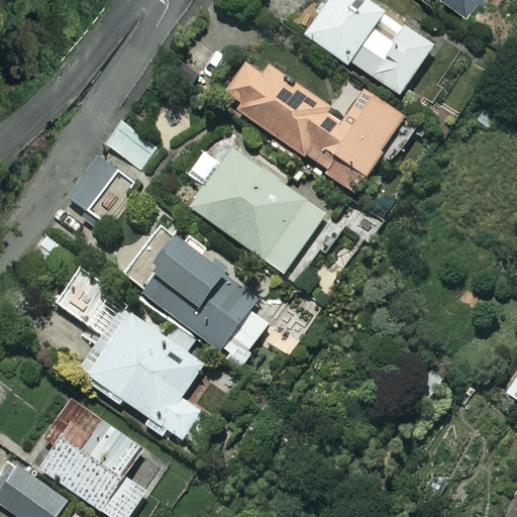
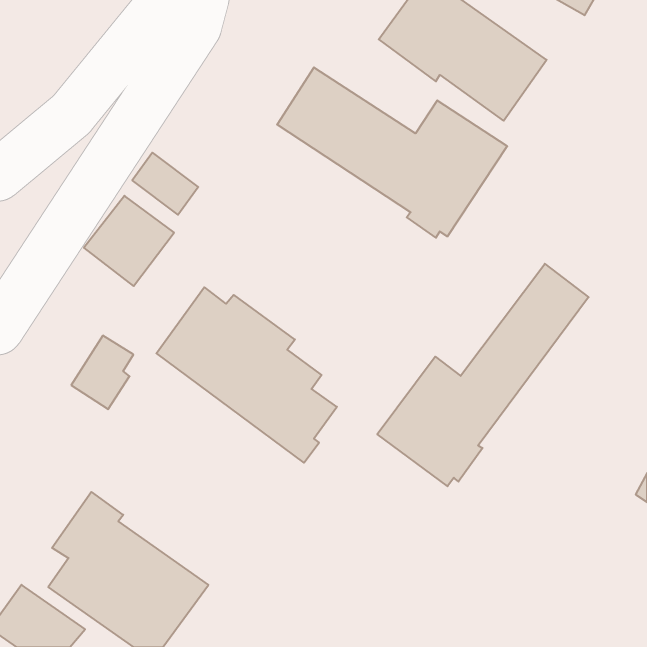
building: [188,139,325,281] -> none
building: none -> [377,264,589,486]
building: [83,310,202,438] -> none

